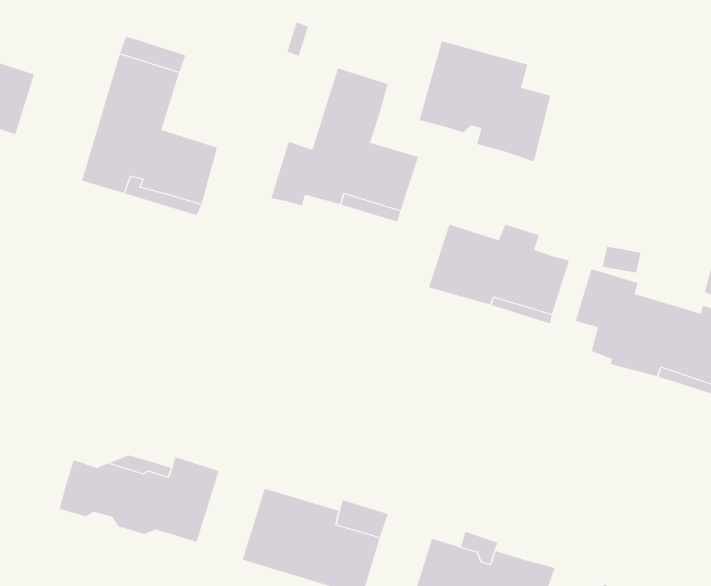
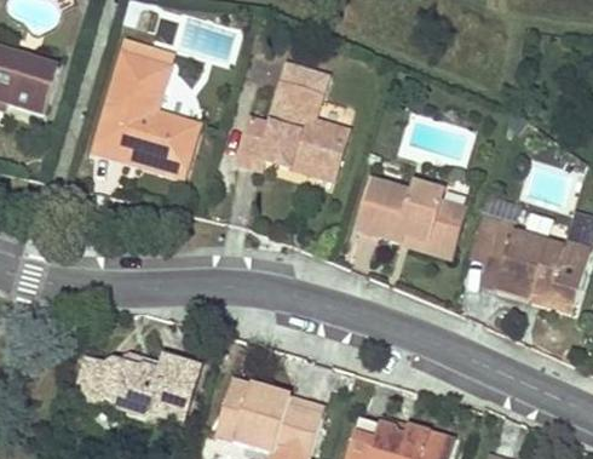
building: [419,41,551,162] -> none

